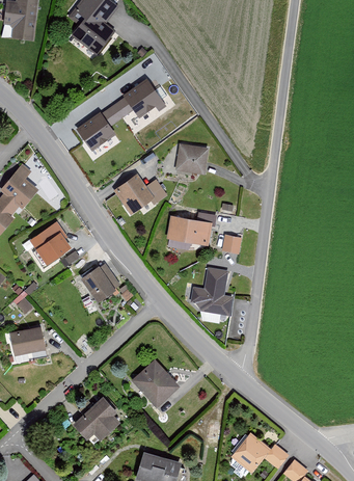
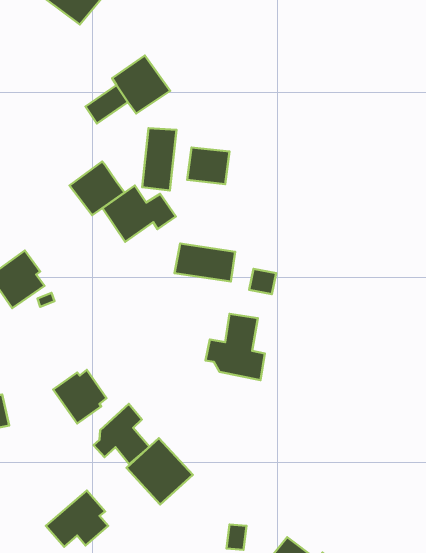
building: [75,113,115,153] -> [70,162,125,215]
building: none -> [142,128,176,190]
building: [80,264,119,303] -> [53,370,107,423]
building: none -> [94,404,150,464]

